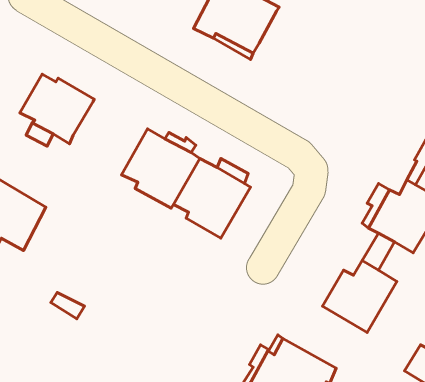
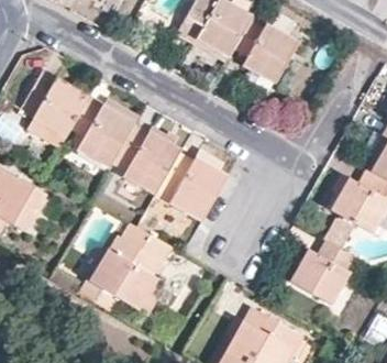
building: none -> [235,19,299,82]
building: none -> [70,99,136,166]
building: none -> [82,223,173,310]

